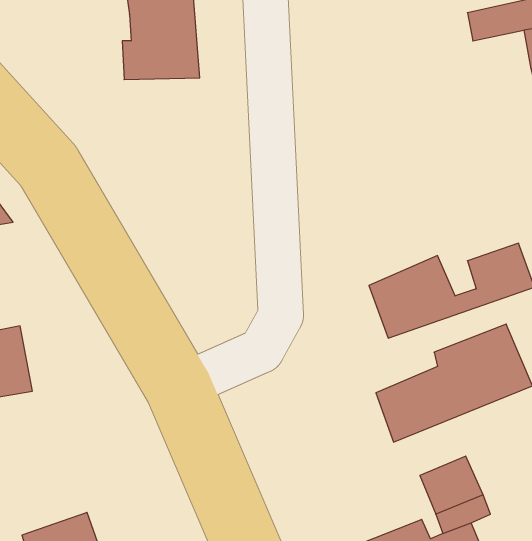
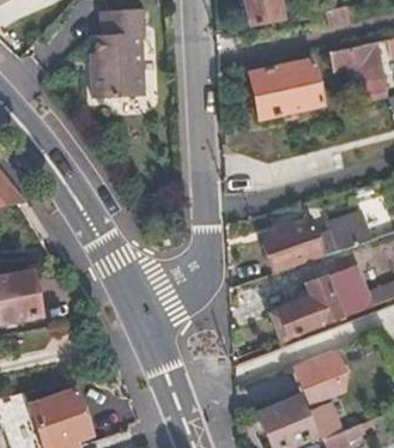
building: none -> [251,60,323,119]

